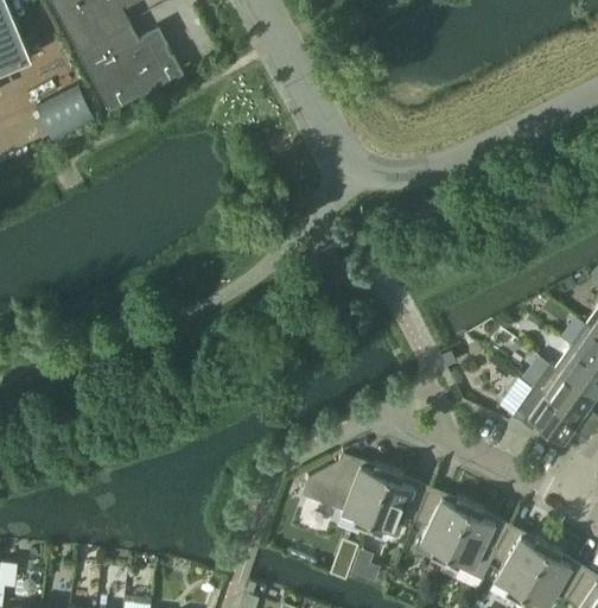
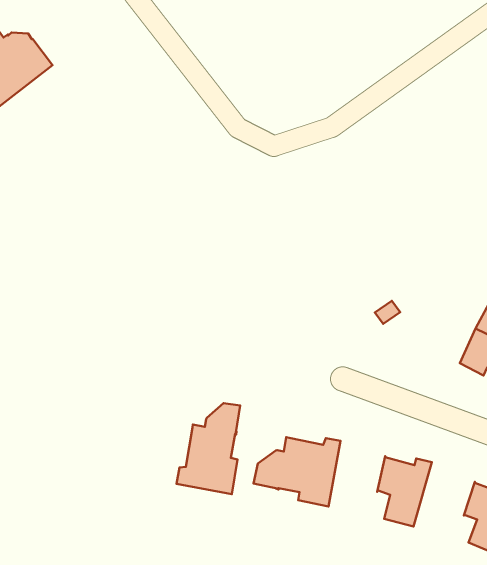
building: none -> [177,403,240,494]
building: [367,468,427,538] -> none
building: [443,502,507,577] -> none

